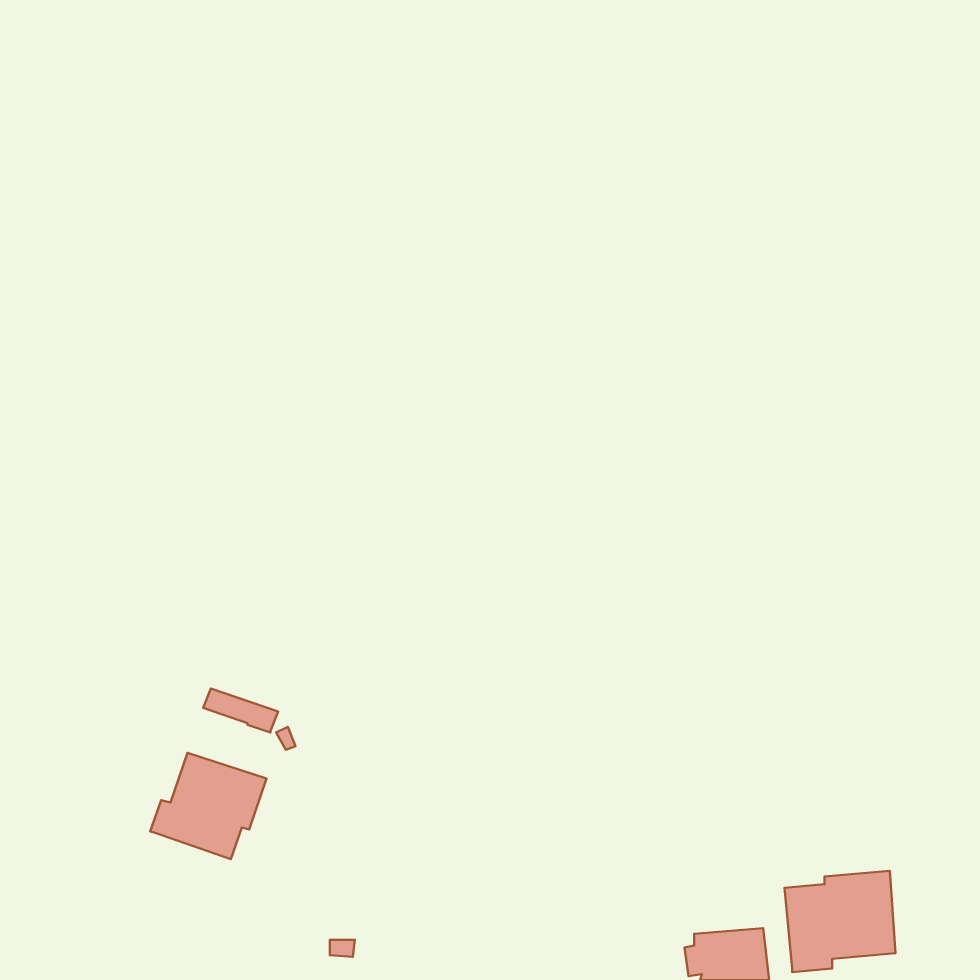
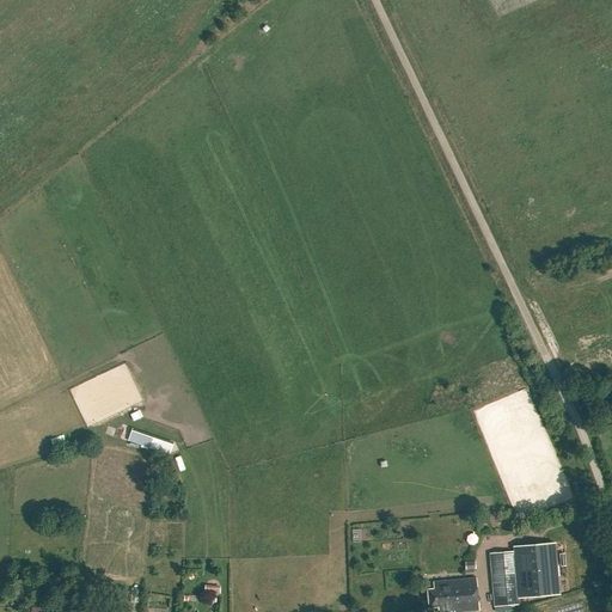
building: [150,753,267,859] -> none

